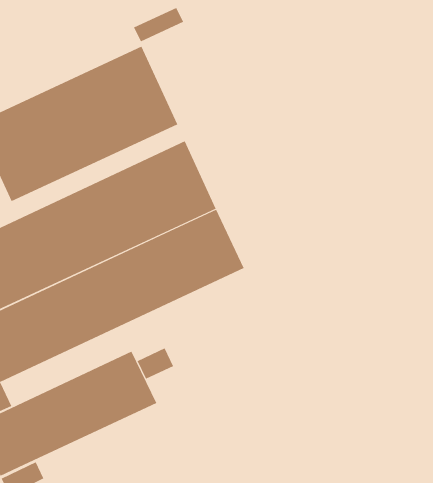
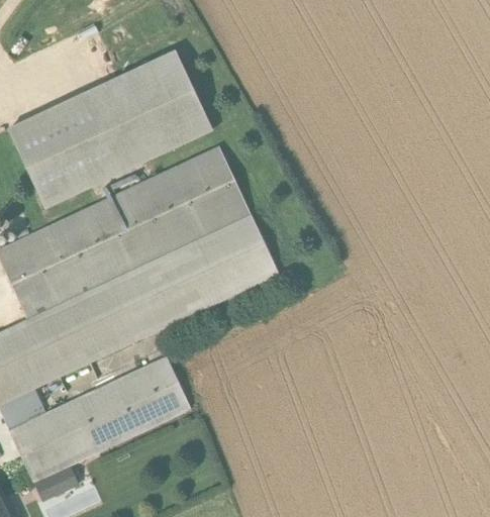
building: [133,7,184,42] -> none
building: [137,348,174,380] -> none

